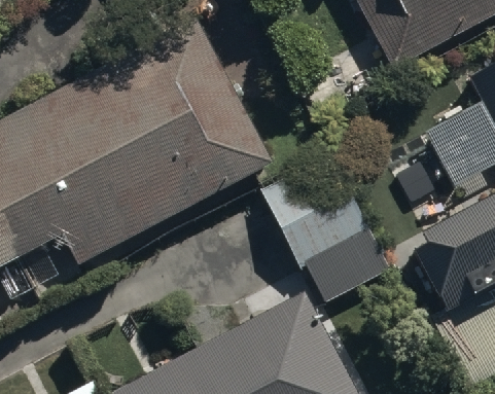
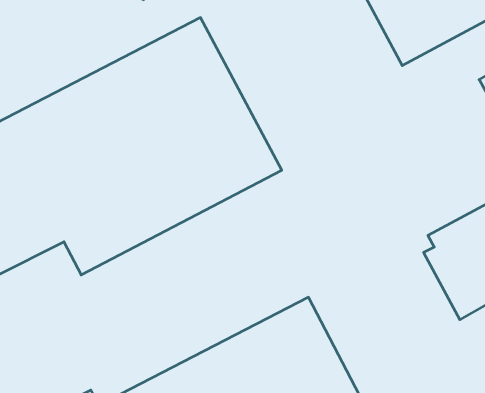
building: [259,152,389,303] -> none

